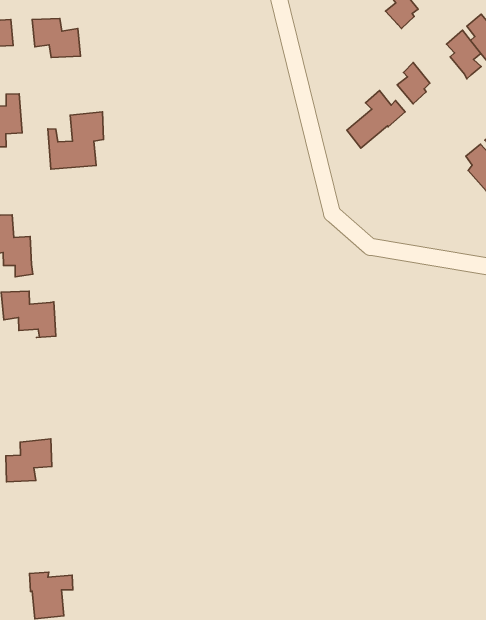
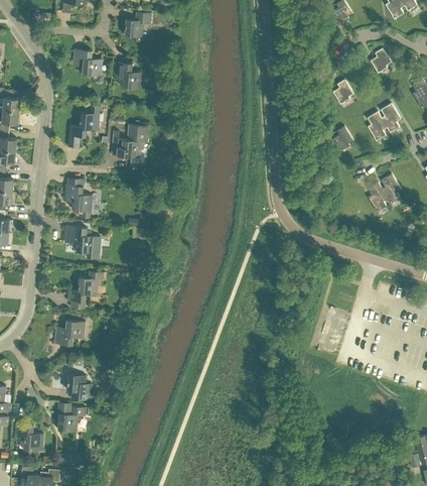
building: [347,91,405,148] -> none
building: none -> [67,269,103,309]
building: none -> [67,373,92,400]

